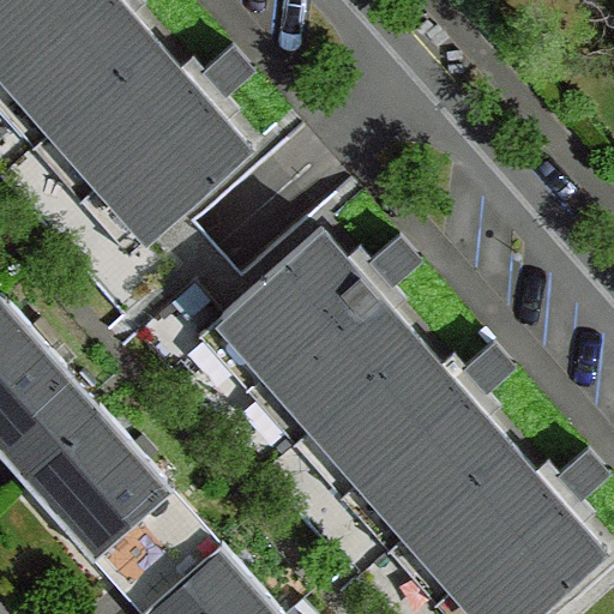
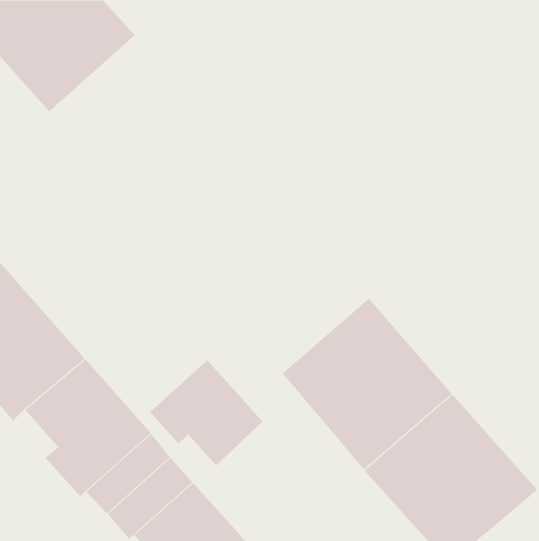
building: [55,44,247,239] -> none
building: [221,234,415,425] -> none
building: none -> [149,360,263,466]

